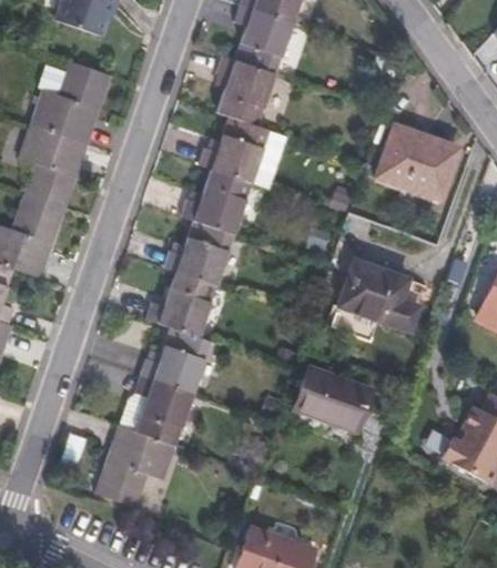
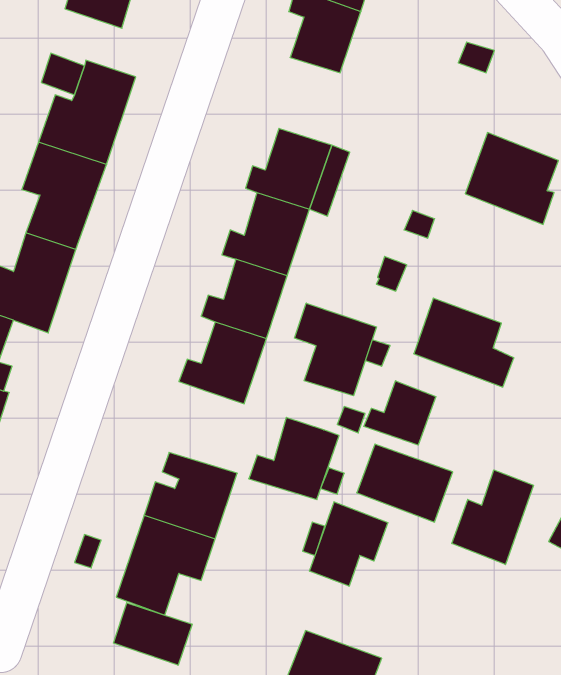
building: [217,58,275,129] -> none
building: none -> [294,303,376,396]
building: none -> [364,381,436,445]
building: [139,328,211,394] -> [249,417,339,500]
building: none -> [452,470,534,565]
building: none -> [310,502,388,586]
building: none -> [113,603,192,665]

